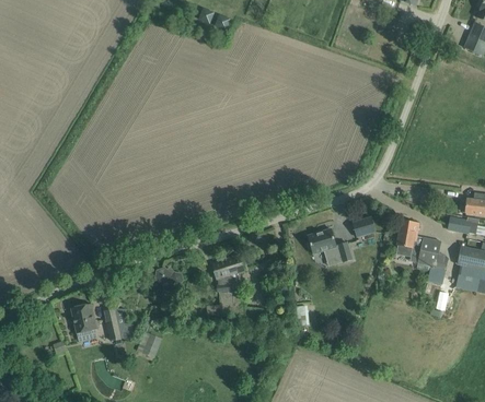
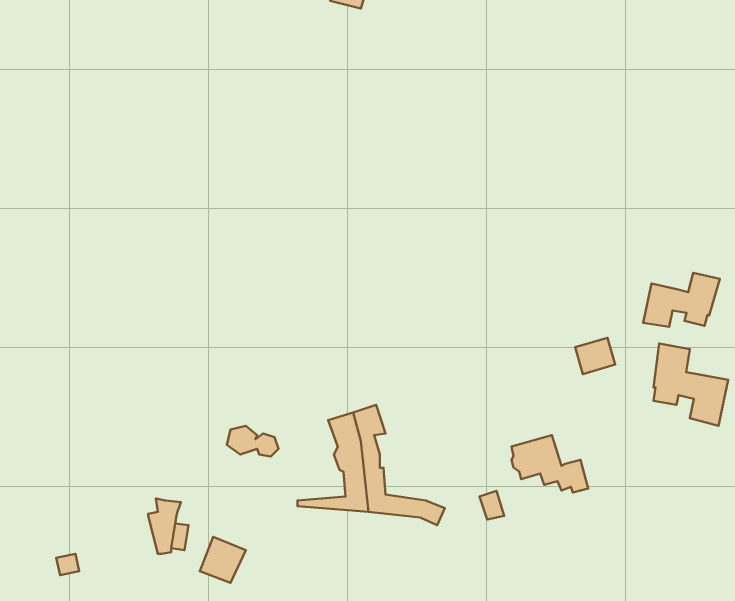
building: none -> [643,273,720,327]
building: [307,228,350,261] -> [512,435,588,492]
building: [70,304,97,333] -> none

